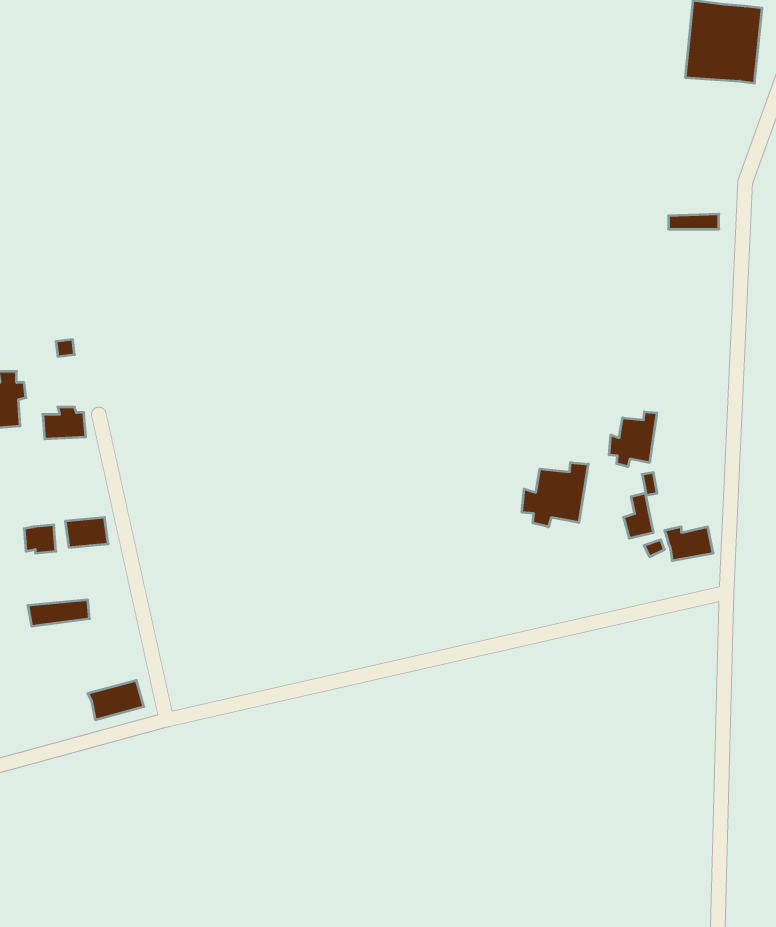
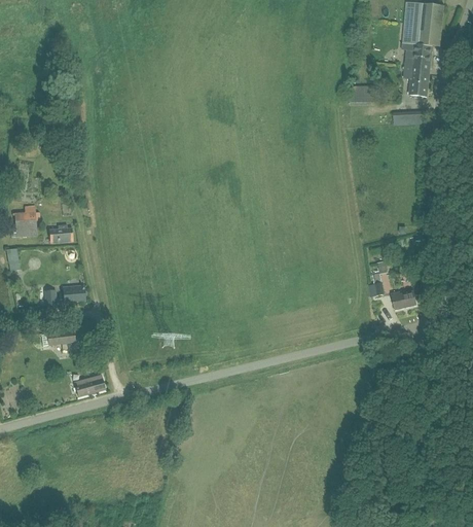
building: none -> [401,43,432,96]
building: [609,412,657,467] -> none
building: [522,462,588,527] -> none

